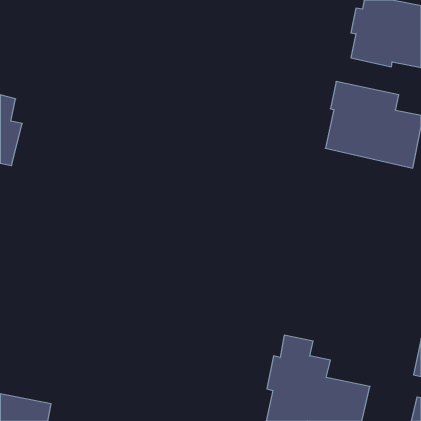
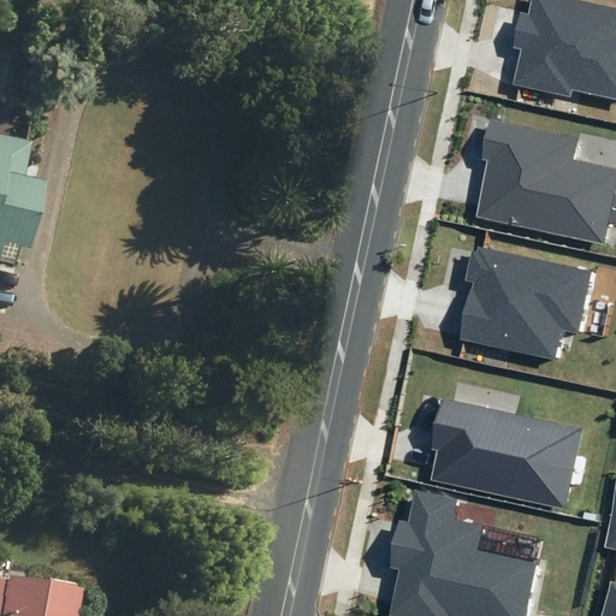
building: none -> [460,247,596,360]
building: none -> [431,399,581,509]

